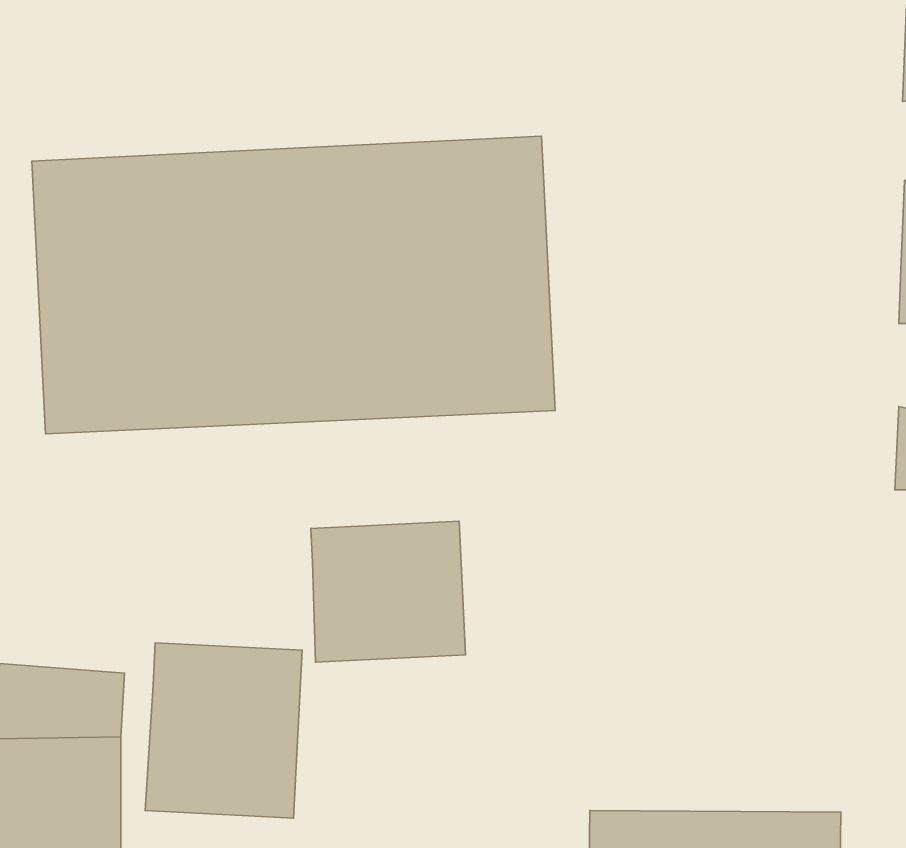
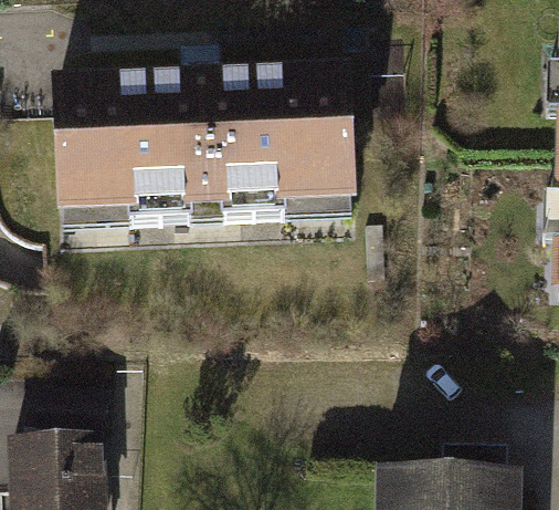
building: [311,521,465,662] -> none
building: [145,643,302,818] -> none

